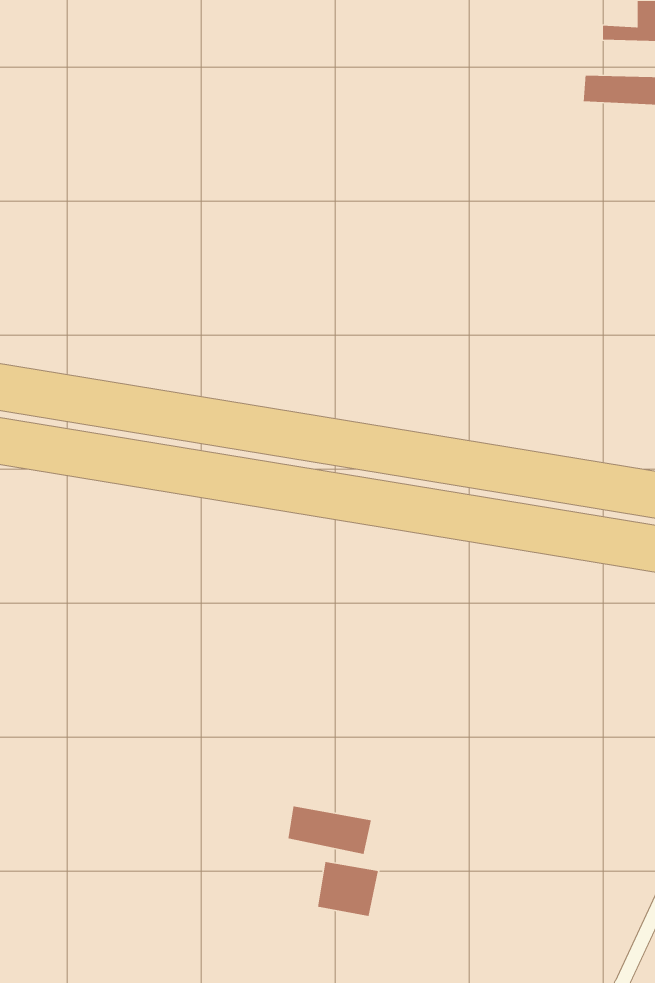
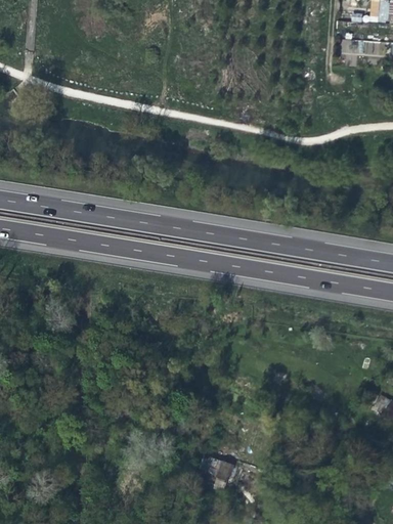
building: [288,806,372,855] -> none

